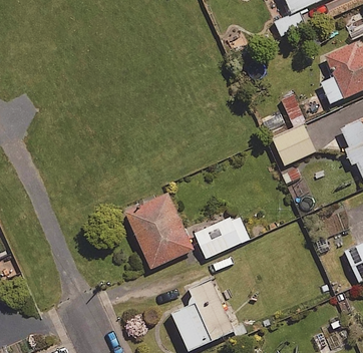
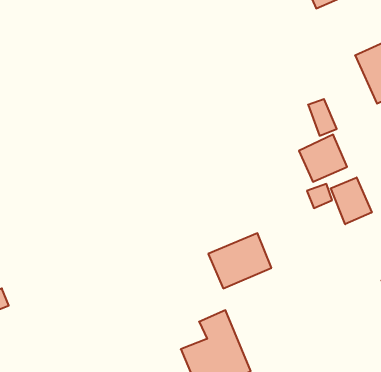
building: none -> [331,177,372,224]
building: [122,192,192,268] -> none

